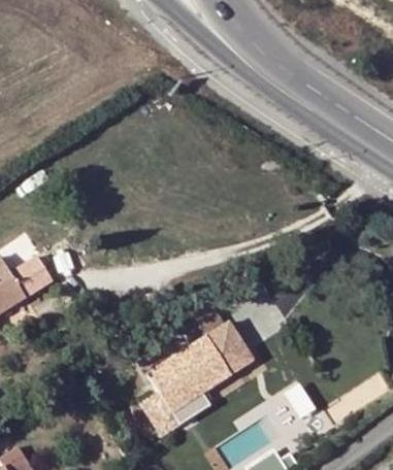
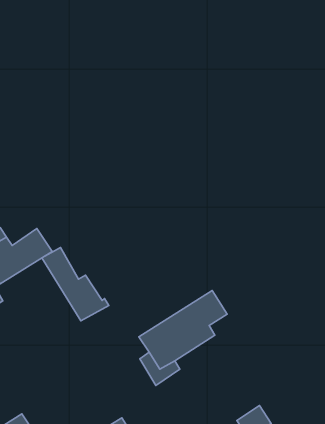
building: none -> [42,248,109,321]

